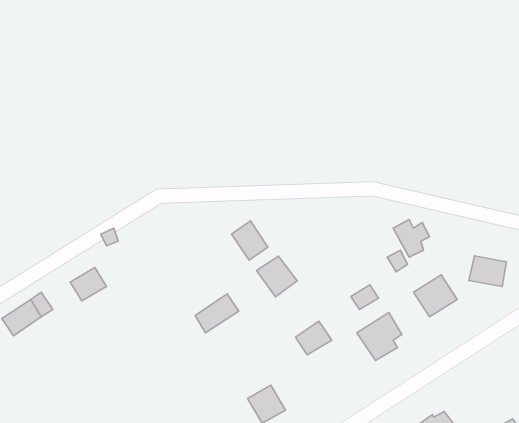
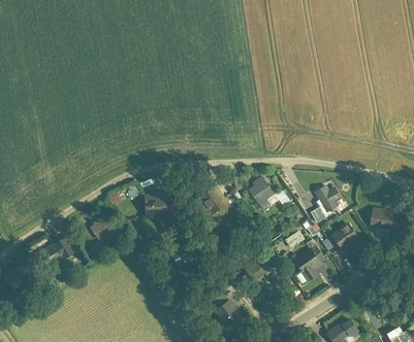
building: none -> [144,195,164,215]
building: [257,256,297,297] -> [245,176,274,205]

